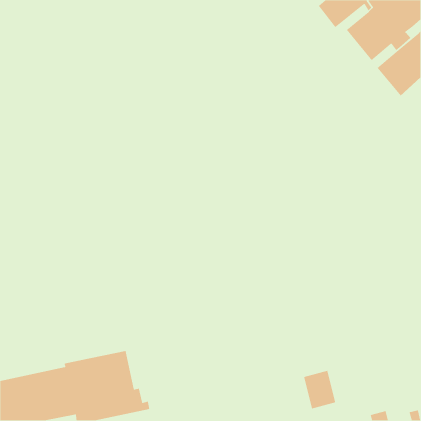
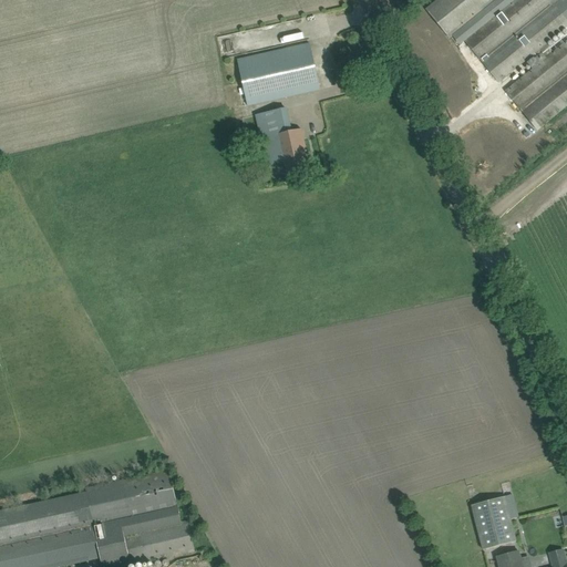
building: none -> [237,43,319,104]
building: none -> [255,107,307,172]
building: [303,370,336,410] -> [471,496,515,549]

